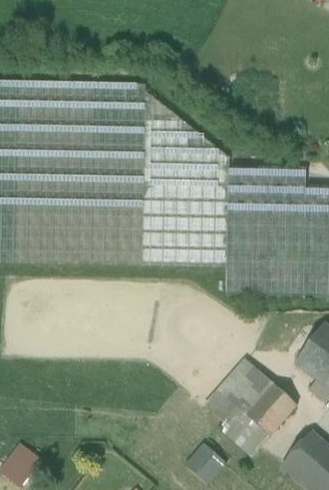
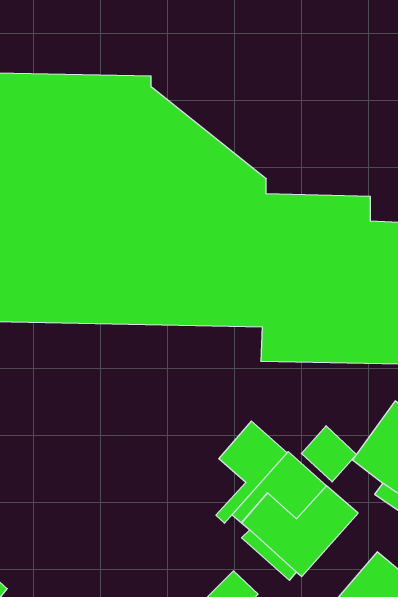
building: none -> [216,421,287,523]
building: none -> [301,426,357,482]

